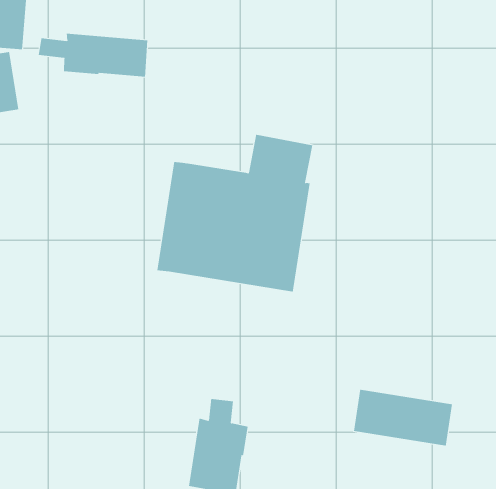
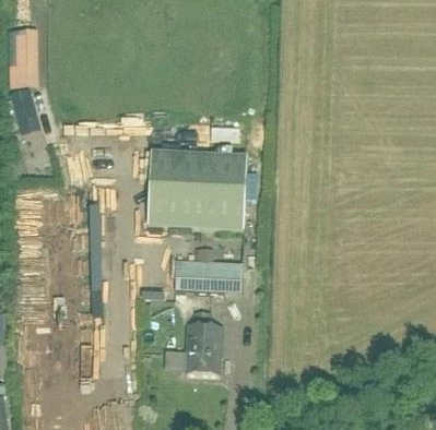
building: [38,33,148,78] -> none
building: [353,389,453,446] -> [177,256,244,289]

